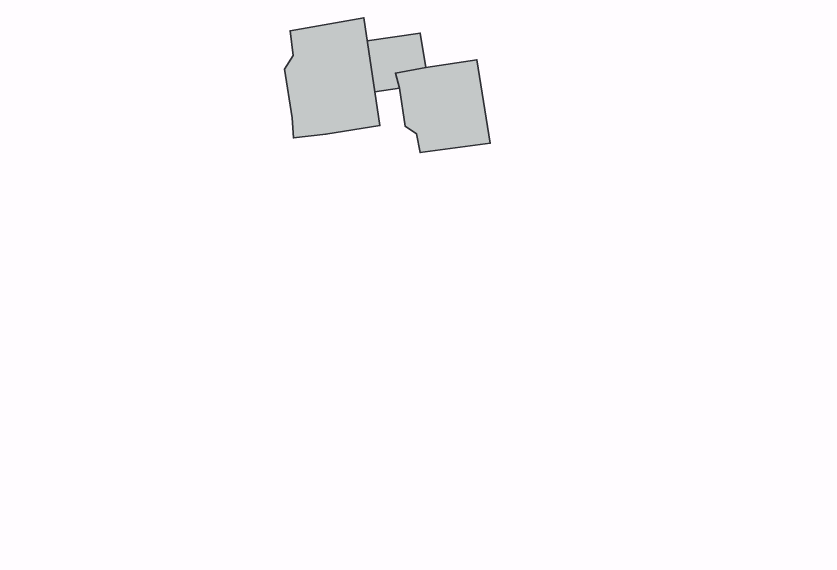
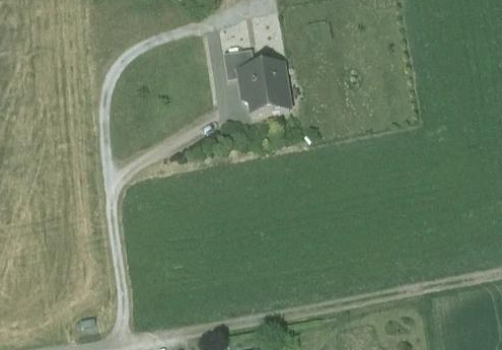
building: [284,18,380,138] -> none

